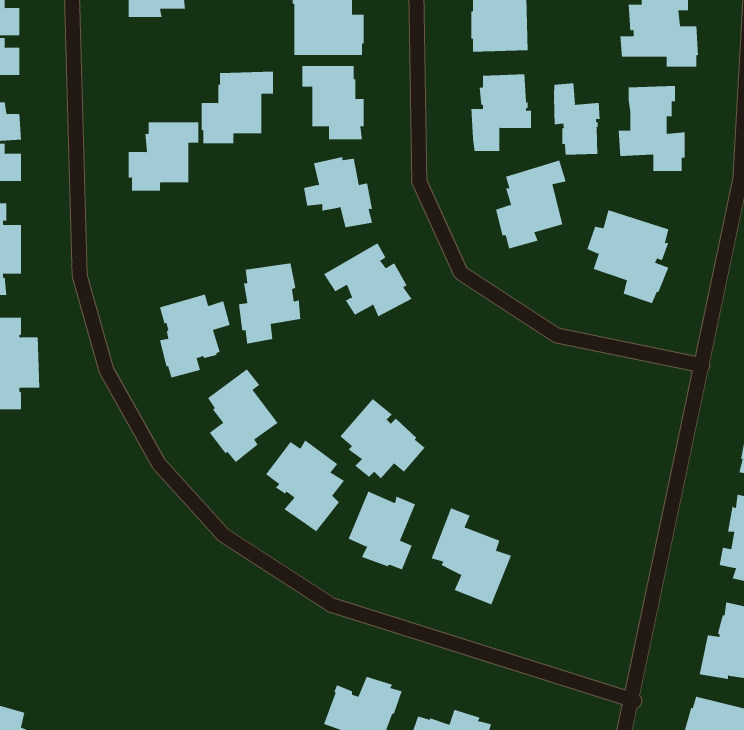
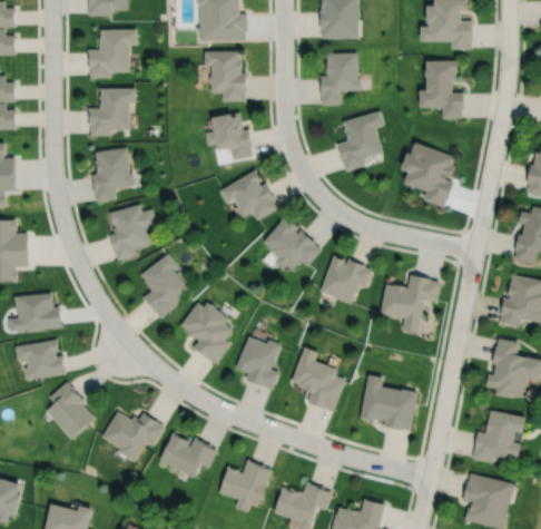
building: [201,71,274,144] -> [88,27,137,76]
building: [554,82,600,156] -> none
building: [238,263,301,344] -> [91,146,134,200]
building: none -> [321,254,373,302]
building: [339,398,426,479] -> [264,215,322,270]
building: none -> [382,274,441,333]
building: none -> [7,292,62,331]
building: none -> [14,339,66,379]
building: none -> [361,374,420,430]
building: none -> [46,382,95,439]
building: none -> [101,411,165,461]
building: none -> [159,432,218,478]

